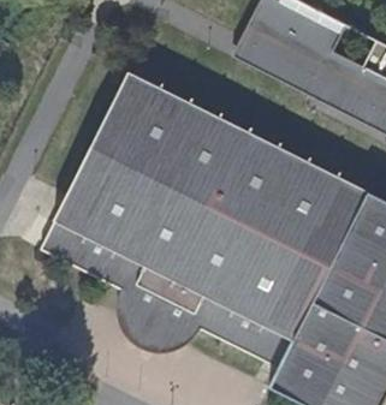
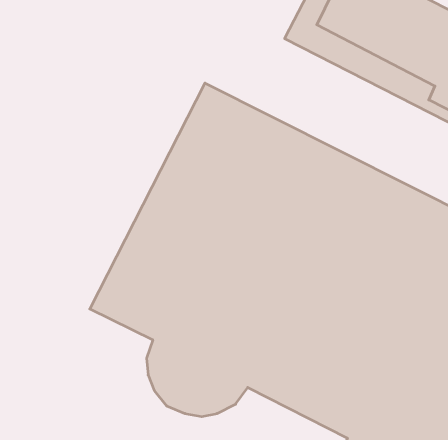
building: [42,71,166,266] -> none

